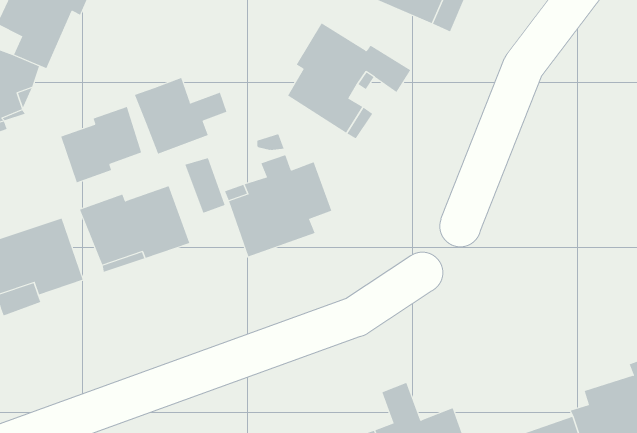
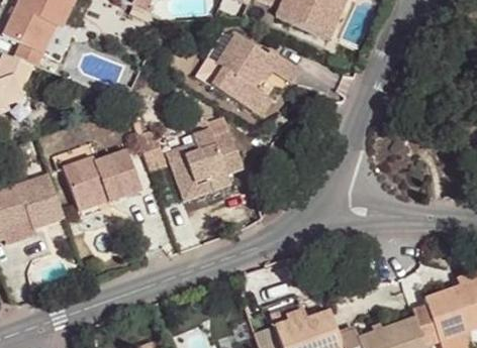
building: [134,77,227,154] -> none
building: [60,106,142,183] -> none

